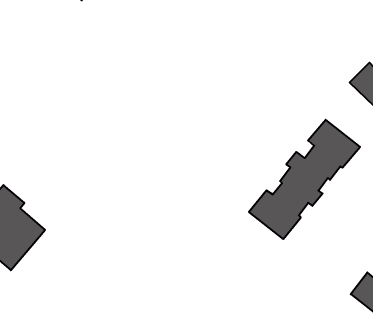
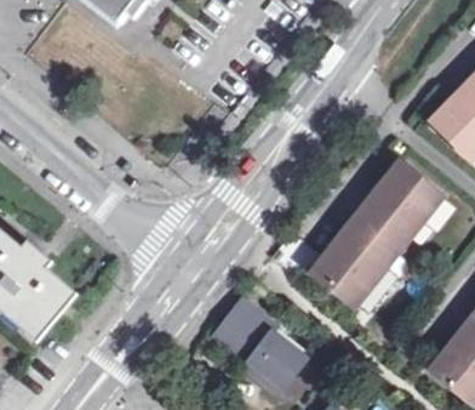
building: none -> [213,297,304,388]

